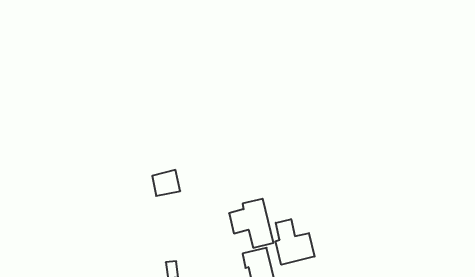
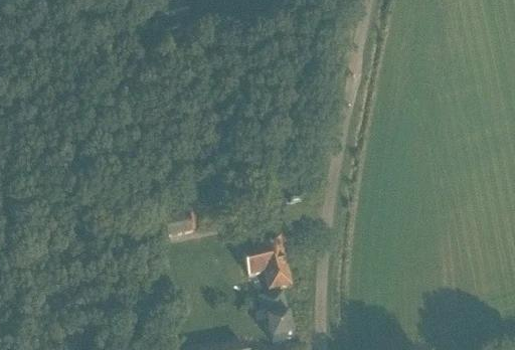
building: [275,219,315,265] -> none

